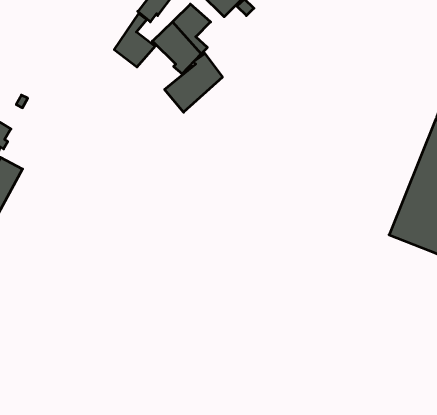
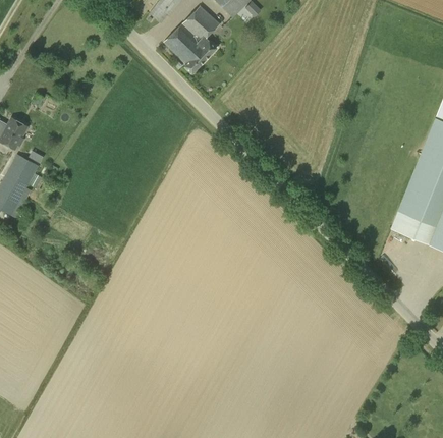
building: [114,13,155,67] -> none
building: [165,53,222,112] -> none

